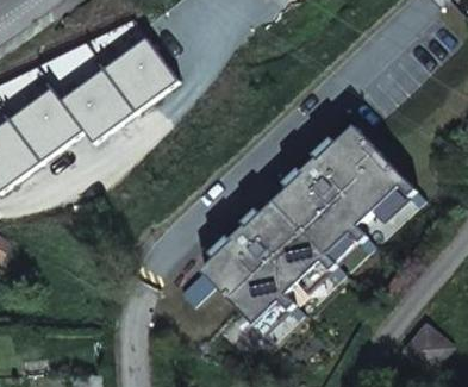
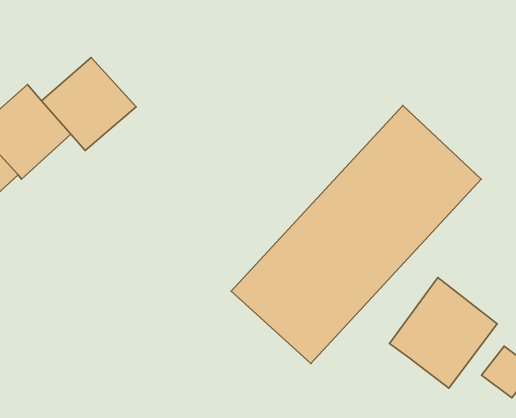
building: [101,36,179,112] -> none
building: none -> [389,277,497,388]

